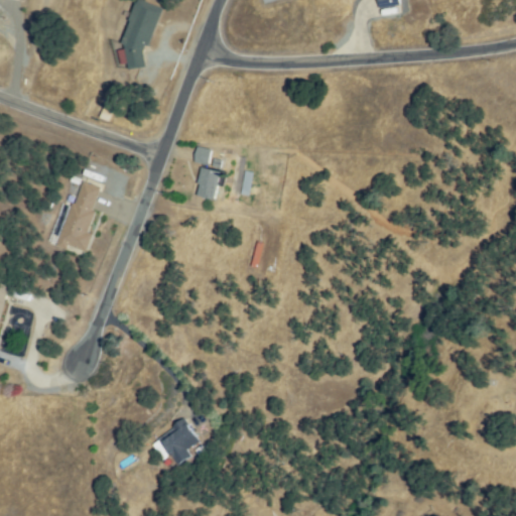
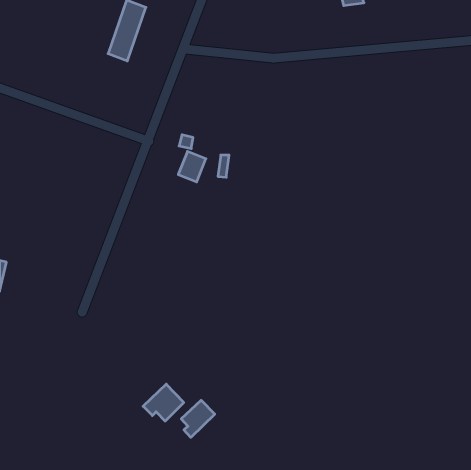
building: [60,182,98,248] -> none
building: none -> [181,400,215,437]

